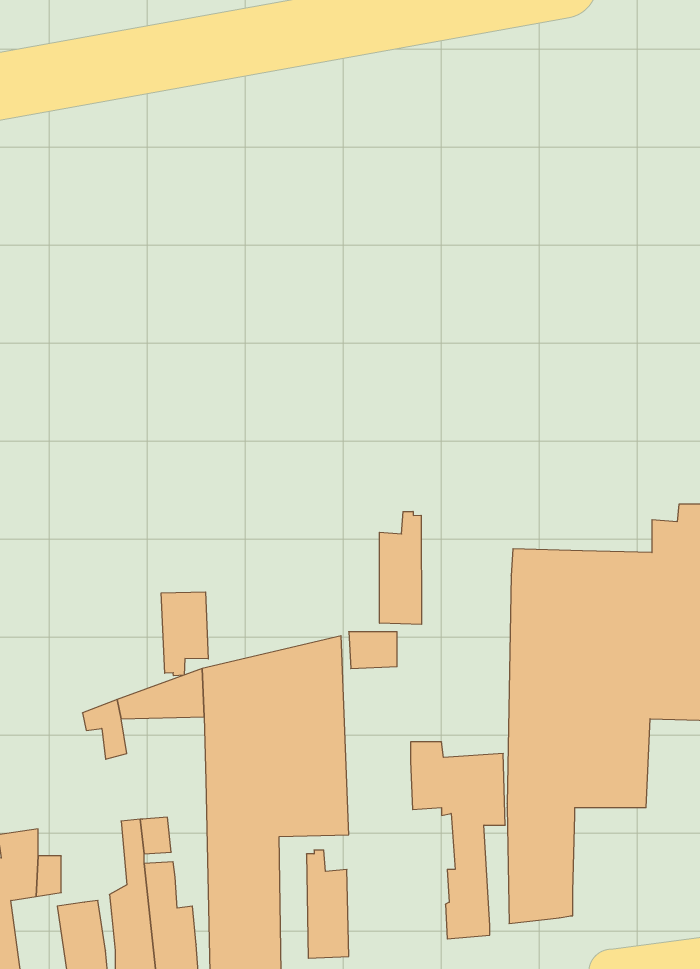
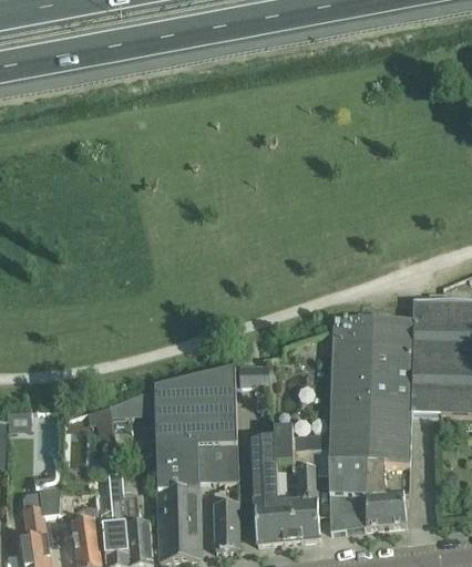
building: [380,511,422,624] -> none
building: [161,592,208,676] -> none
building: none -> [252,437,296,543]
building: none -> [367,464,406,526]

